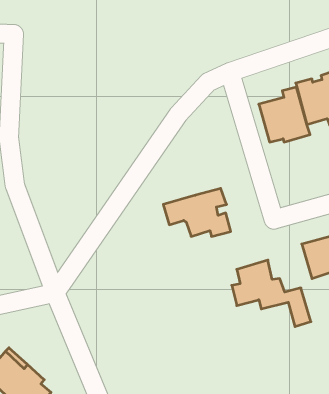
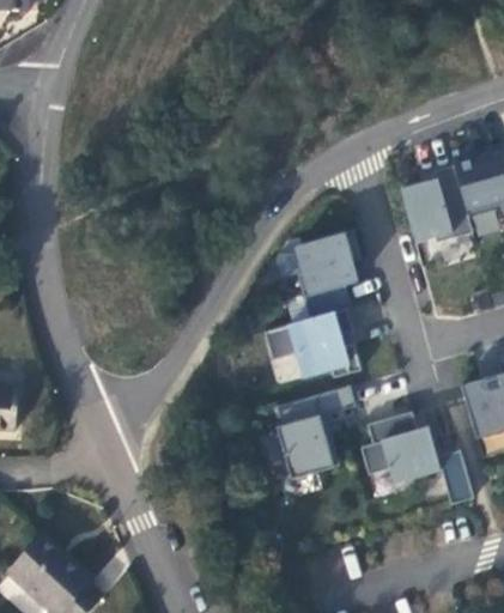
building: none -> [294,230,358,317]
building: none -> [275,384,354,478]

